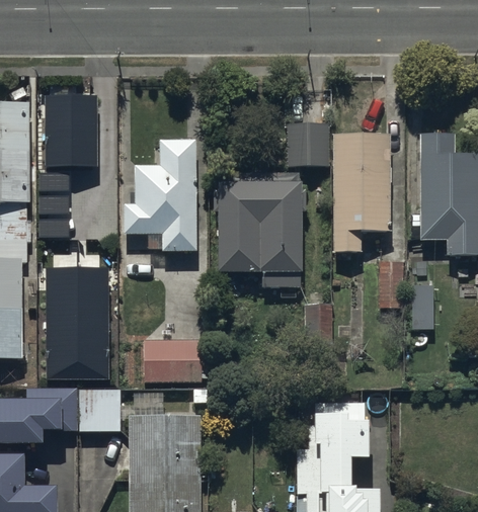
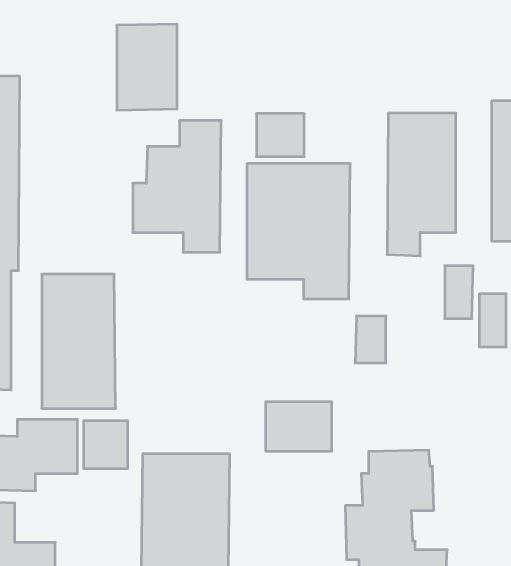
building: [46,94,95,165] -> [117,24,177,110]
building: [290,126,329,162] -> [256,114,304,157]
building: [145,339,200,379] -> [266,402,332,451]

